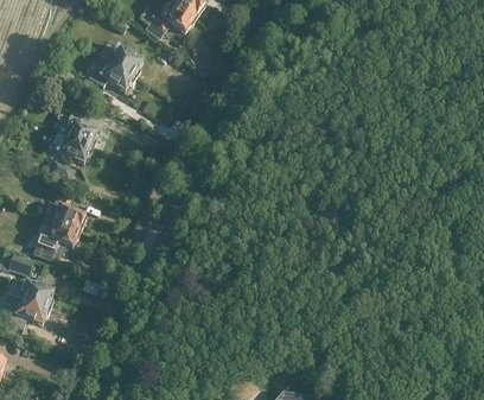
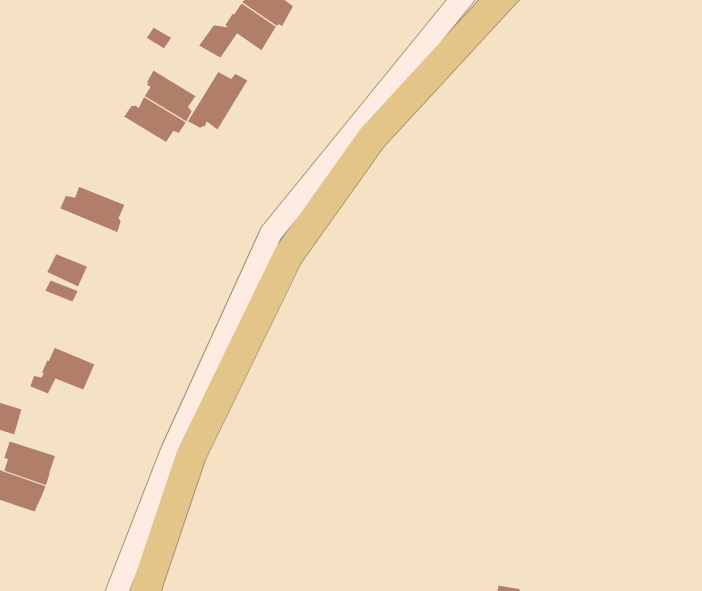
building: none -> [187,71,248,131]
building: [51,133,91,164] -> none
building: [42,193,83,231] -> none

